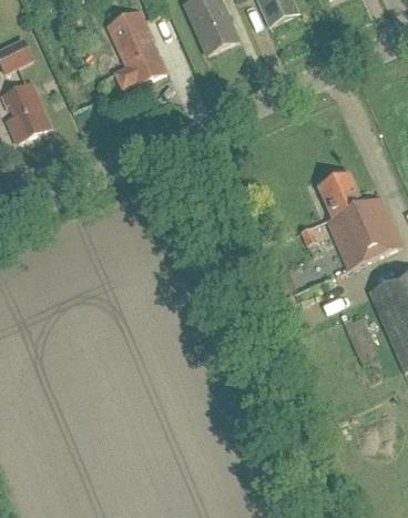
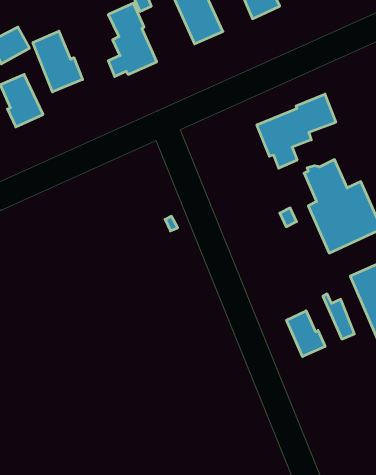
building: none -> [33,31,83,92]
building: none -> [257,94,336,168]
building: none -> [287,311,325,357]

